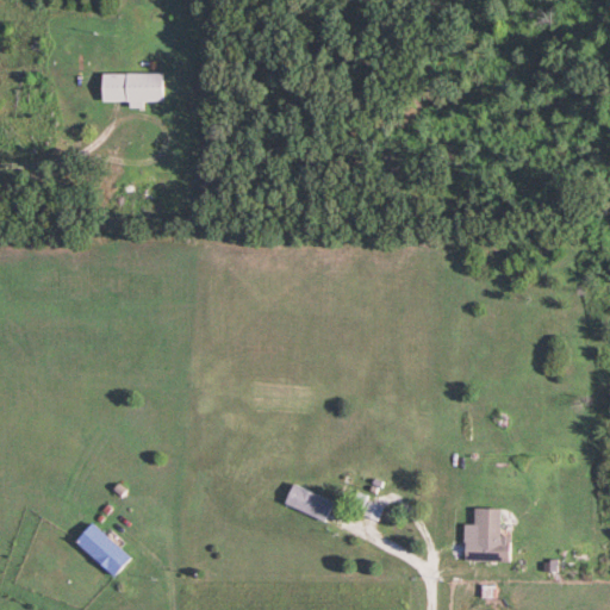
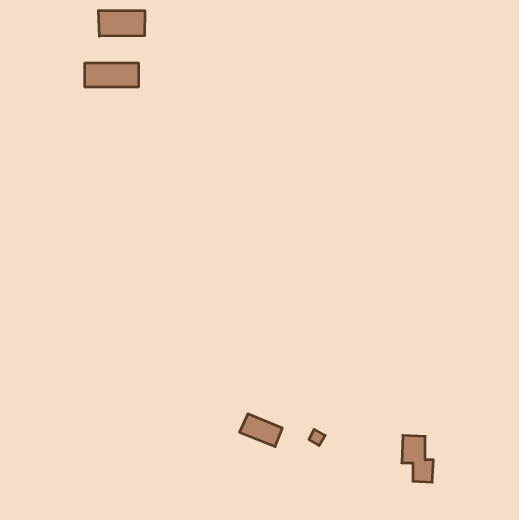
building: none -> [98,11,145,36]
building: [74,522,130,578] -> none

